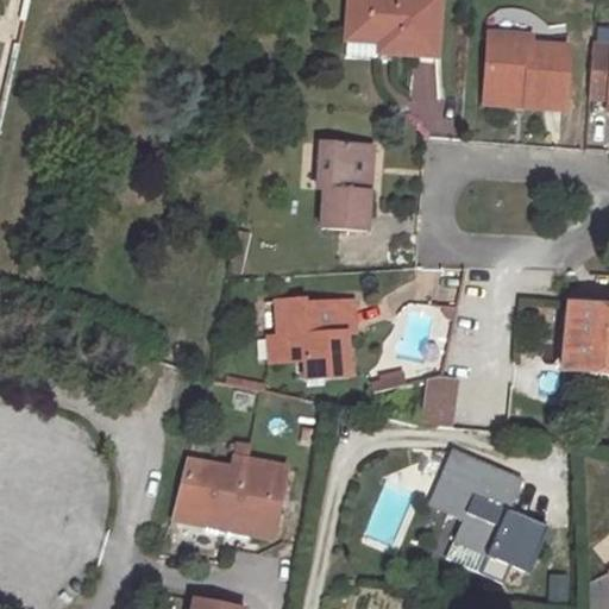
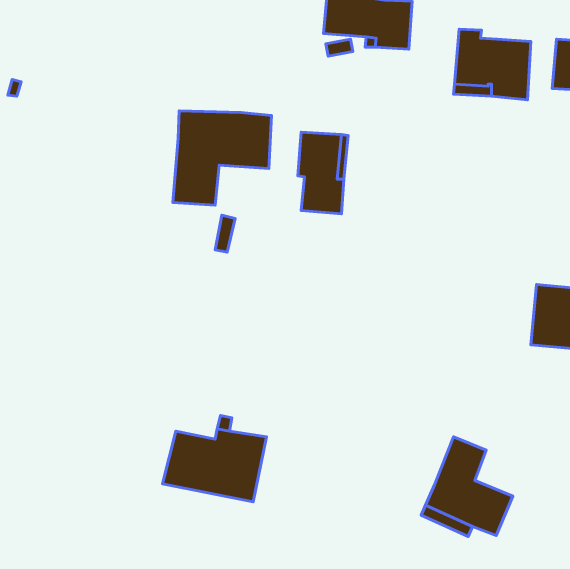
building: none -> [173,111,272,205]
building: [269,297,353,375] -> none
building: [425,375,460,425] -> none
building: [432,450,484,515] -> none

